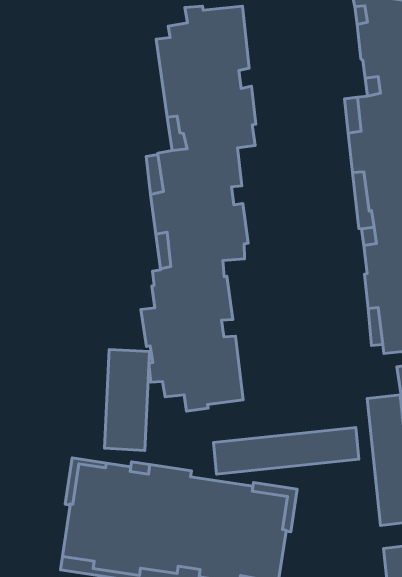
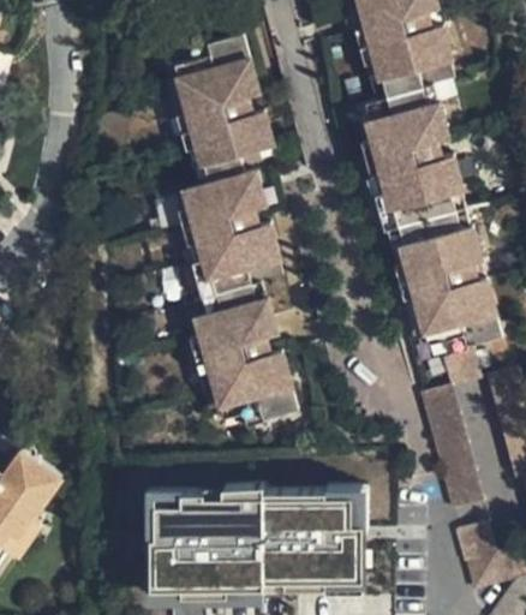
building: [105,349,149,450] -> none
building: [213,427,359,474] -> none

